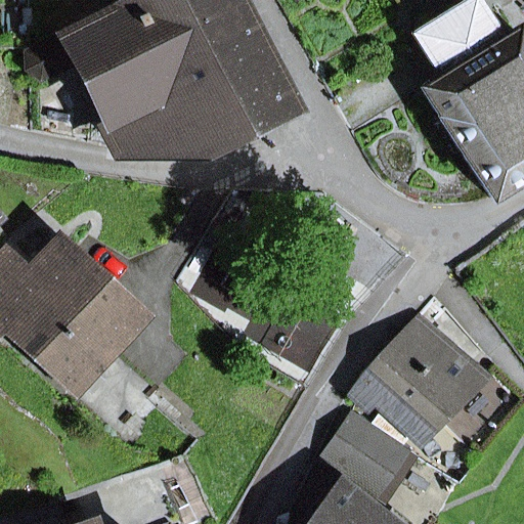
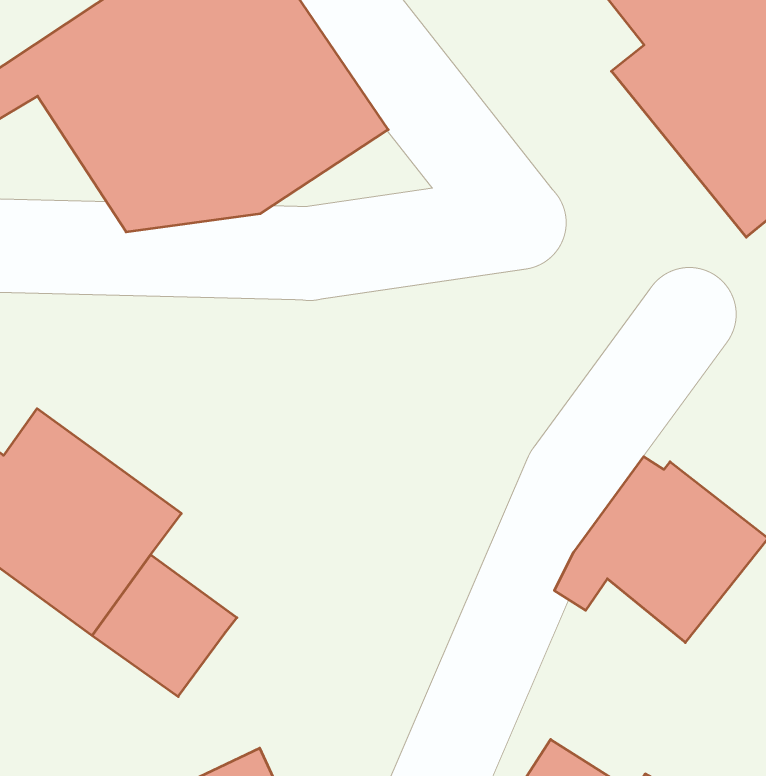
building: [325,417,407,490] -> none

